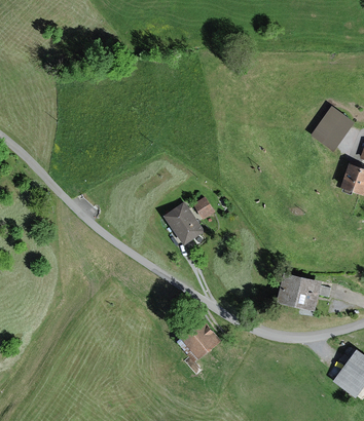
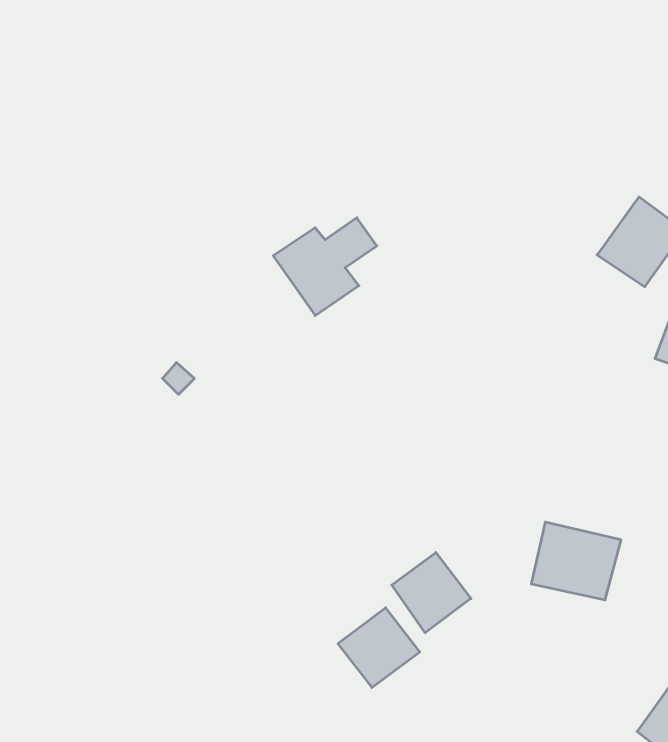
building: [161,197,215,247] -> [273,218,377,316]
building: none -> [392,552,471,633]

